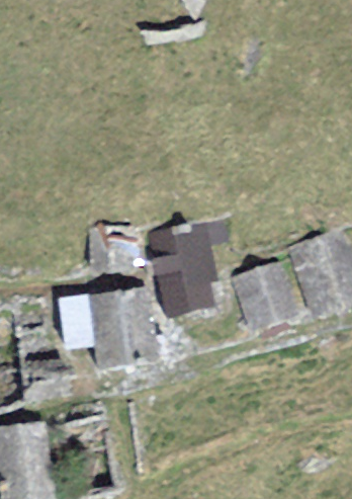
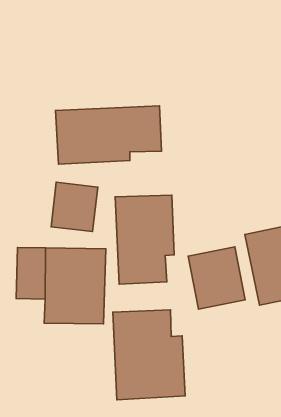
building: none -> [55,106,161,164]
building: none -> [113,310,185,400]

